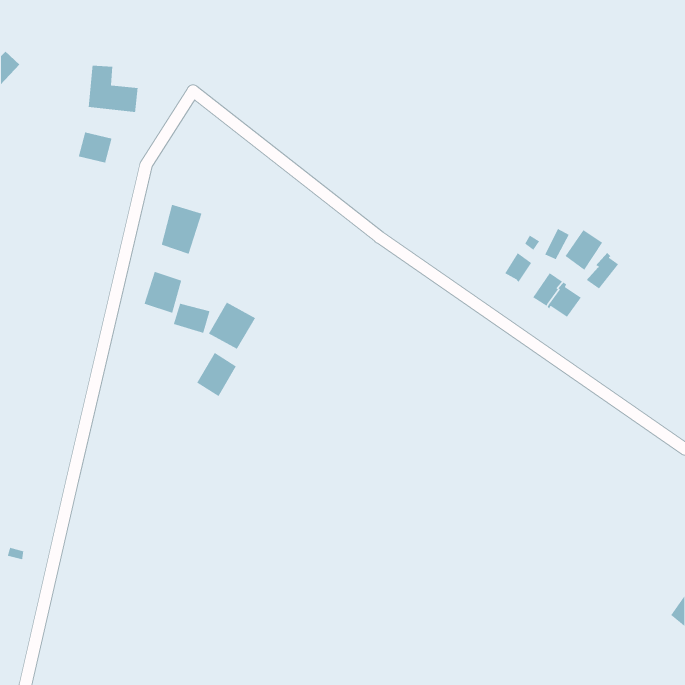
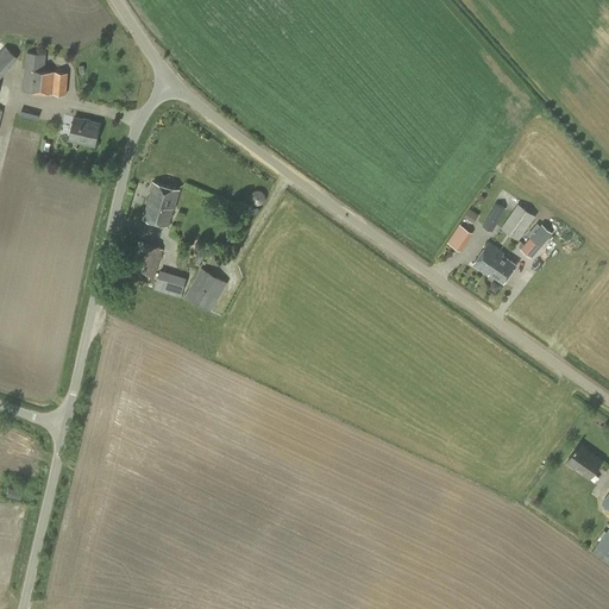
building: [88,65,139,113] -> [23,52,68,95]
building: [196,352,237,397] -> none
building: none -> [566,444,602,477]

